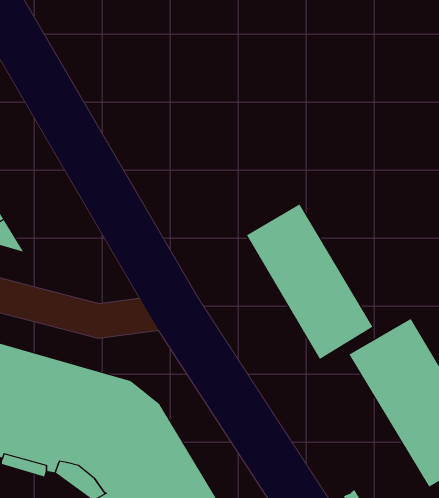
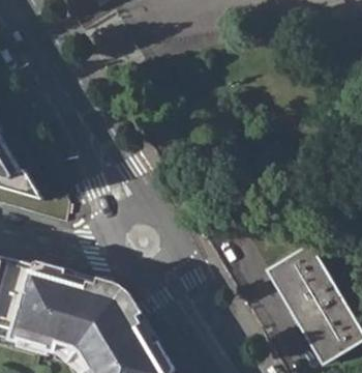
building: [246,203,373,360] -> none

